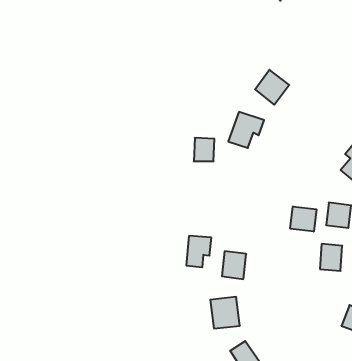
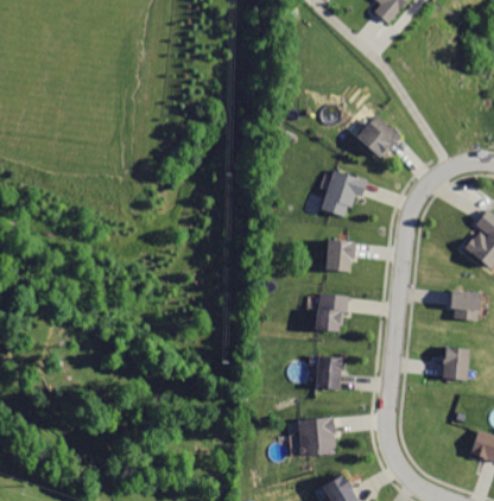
building: [194,138,214,161] -> [322,239,349,269]
building: [290,206,316,232] -> none
building: [186,236,211,267] -> [317,291,350,332]

